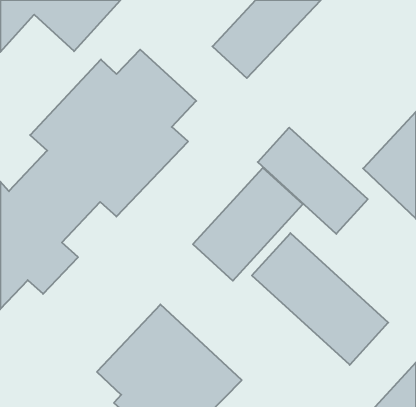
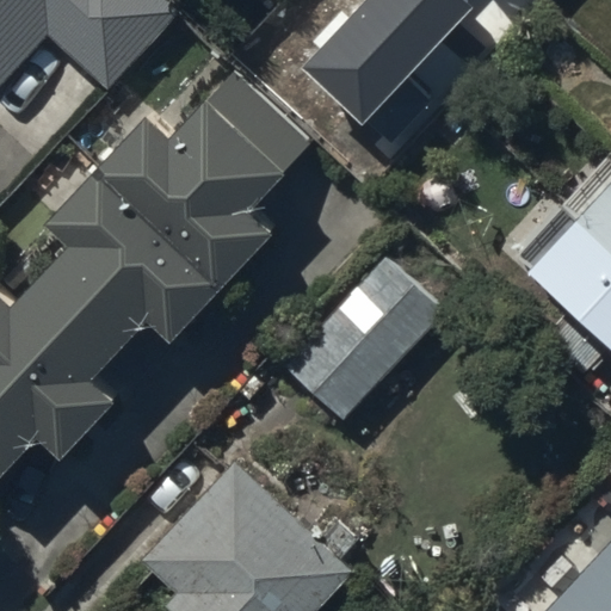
building: [258,128,368,234] -> none
building: [252,233,388,365] -> none

